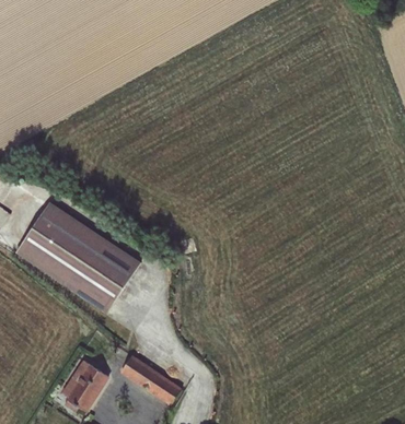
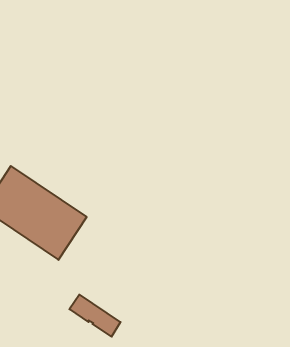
building: [60,360,108,411] -> none

